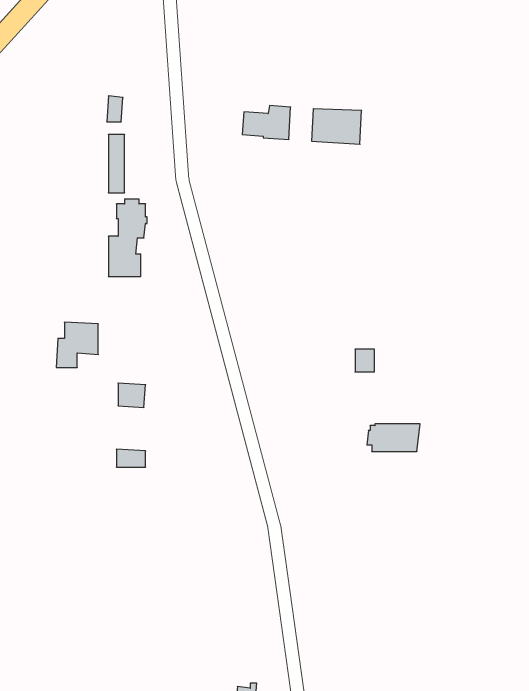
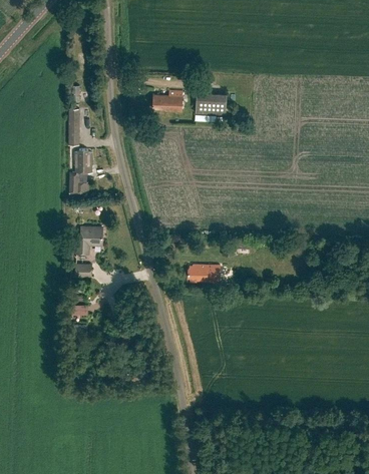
building: [56,322,98,367] -> [76,226,102,255]
building: [367,424,420,451] -> [188,266,221,283]

